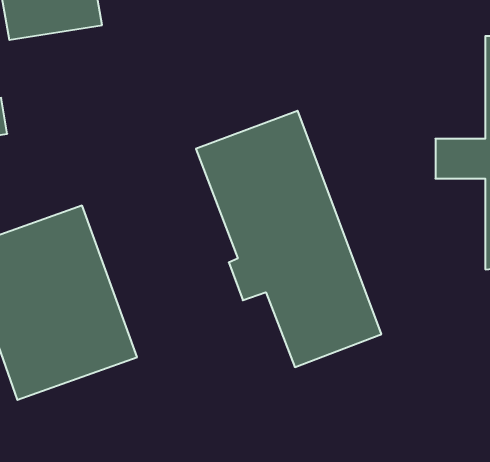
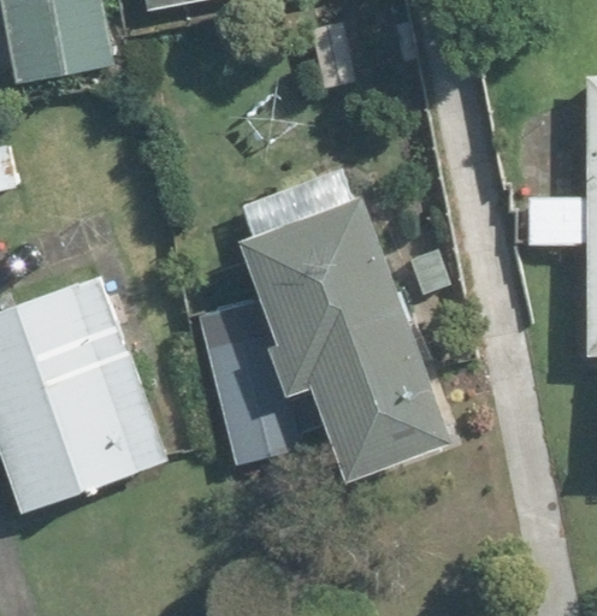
building: none -> [200,334,300,468]

